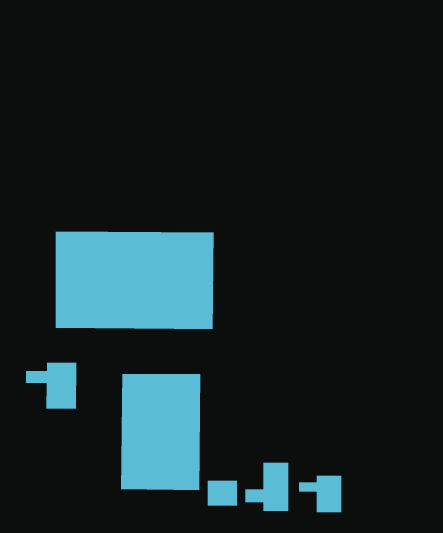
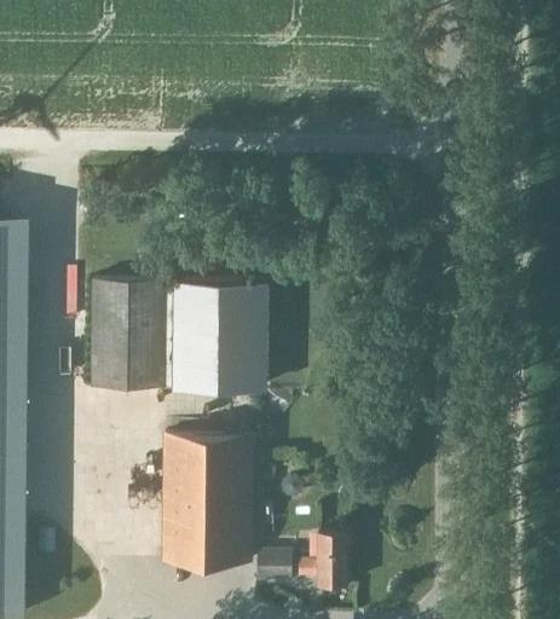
building: [25,362,77,409] -> none
building: [298,475,342,513] -> none

